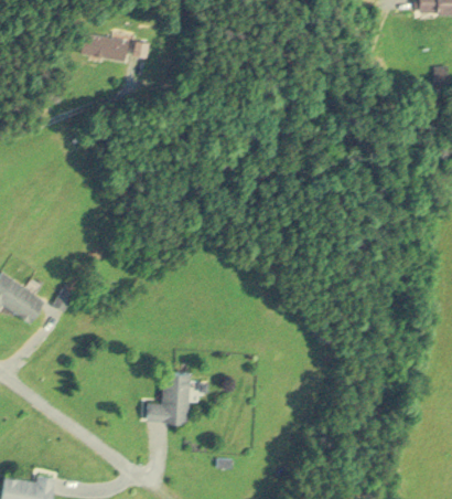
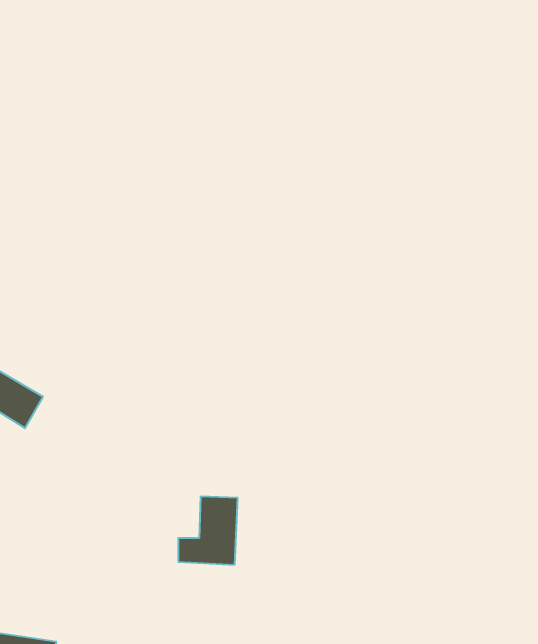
building: [78,33,128,63] -> none

